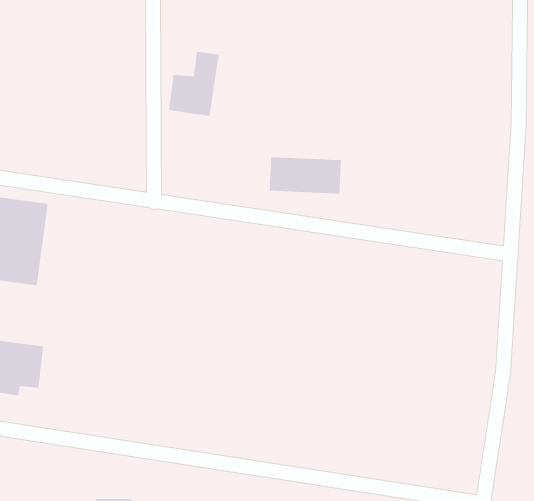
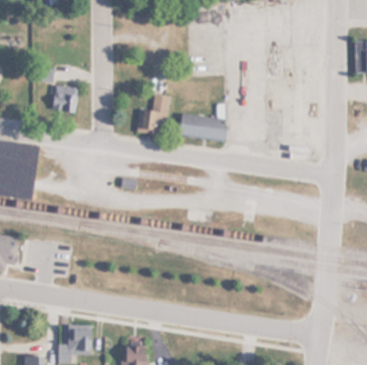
building: [168,51,220,116] -> [135,93,168,135]
building: none -> [50,84,76,113]

